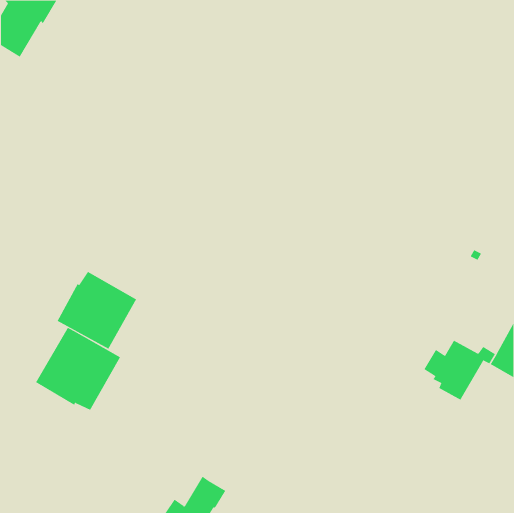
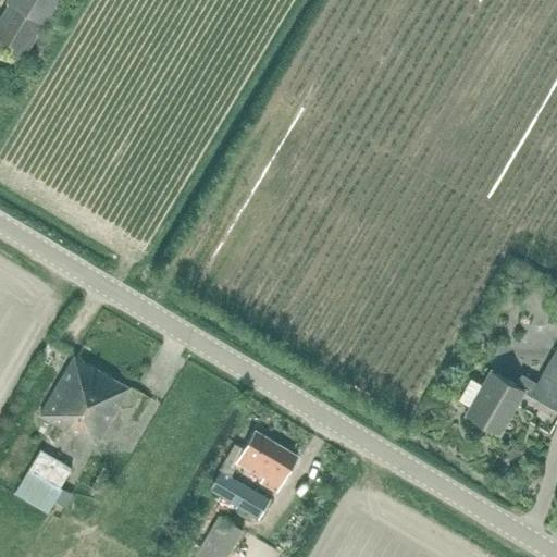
building: [57,271,137,349] -> none
building: none -> [209,432,297,520]
building: none -> [13,450,72,515]

